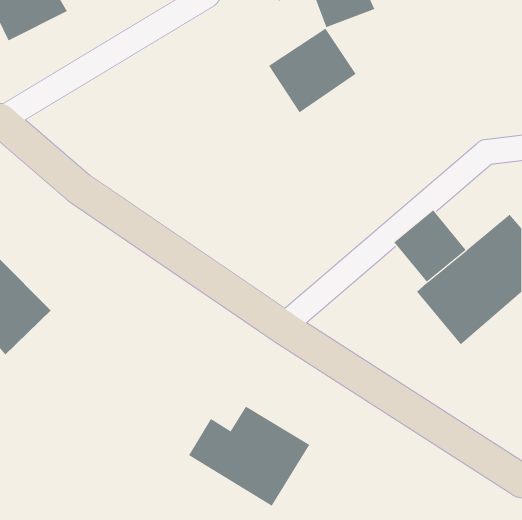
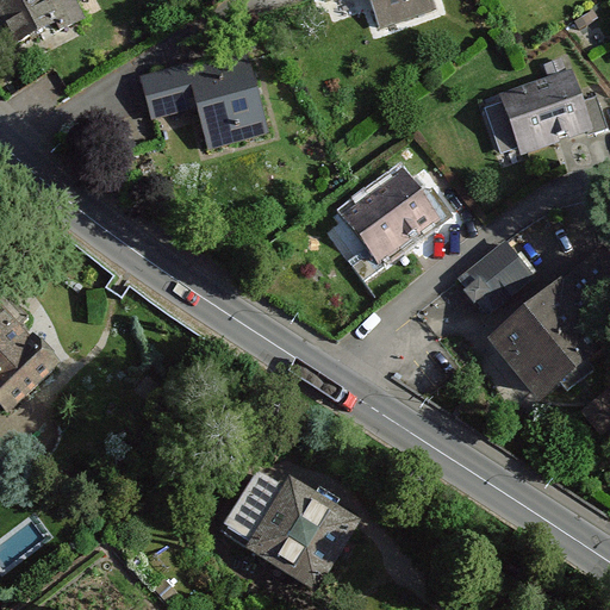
building: [268,28,357,113] -> [336,168,438,267]
building: none -> [138,49,268,151]
building: none -> [498,70,586,155]

